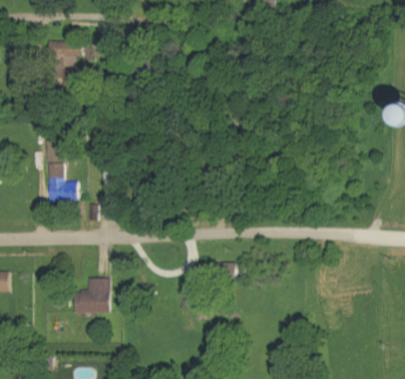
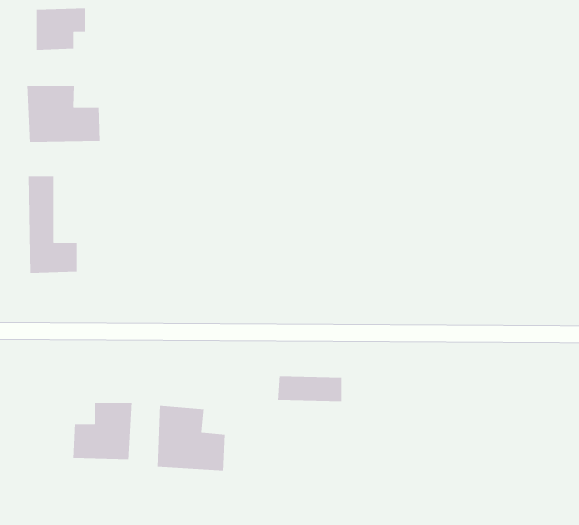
building: none -> [26,85,100,143]
building: none -> [157,405,226,471]

